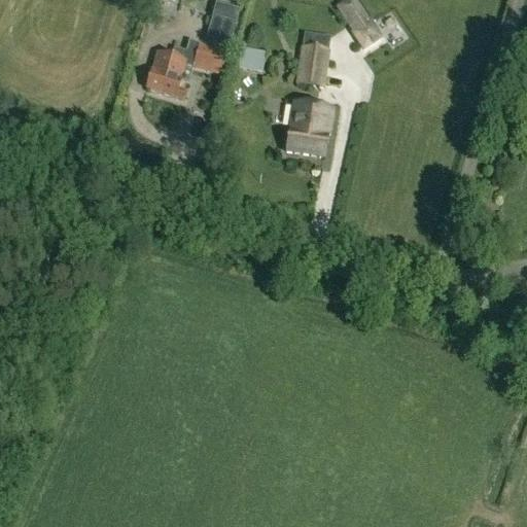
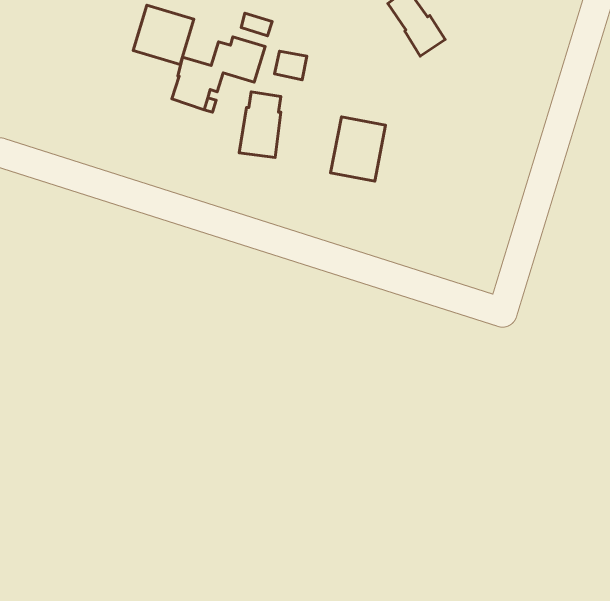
building: none -> [133,5,194,64]
building: [293,29,329,85] -> [239,92,281,157]

